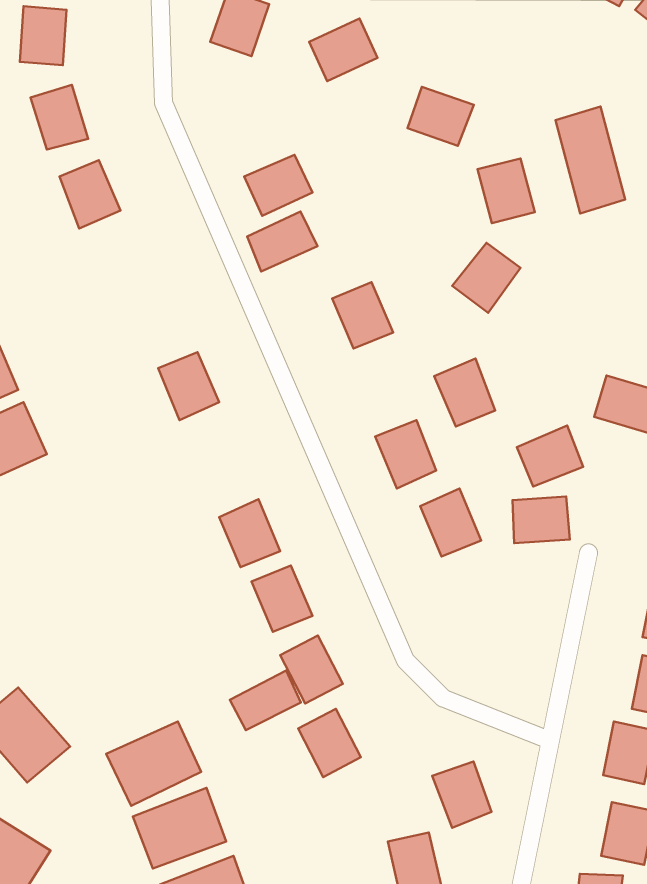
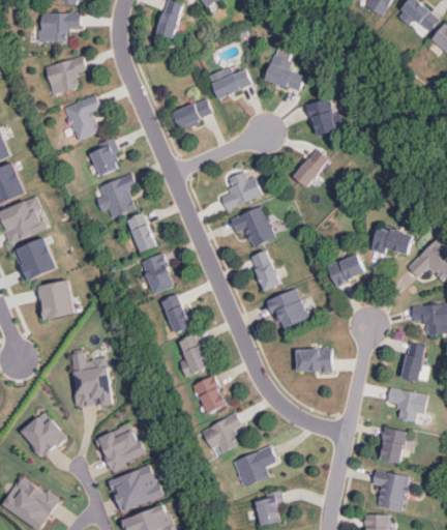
building: [309,18,377,81] -> [210,63,249,99]
building: [555,106,625,213] -> none
building: [247,211,317,272] -> none
building: none -> [87,140,123,179]
building: none -> [98,177,135,215]
building: [434,358,495,426] -> [238,204,273,243]
building: none -> [139,254,174,293]
building: none -> [38,284,74,323]
building: [512,497,570,543] -> [299,347,332,374]
building: none -> [72,355,111,404]
building: [230,671,301,730] -> none
building: [432,762,492,828] -> [234,450,268,489]

